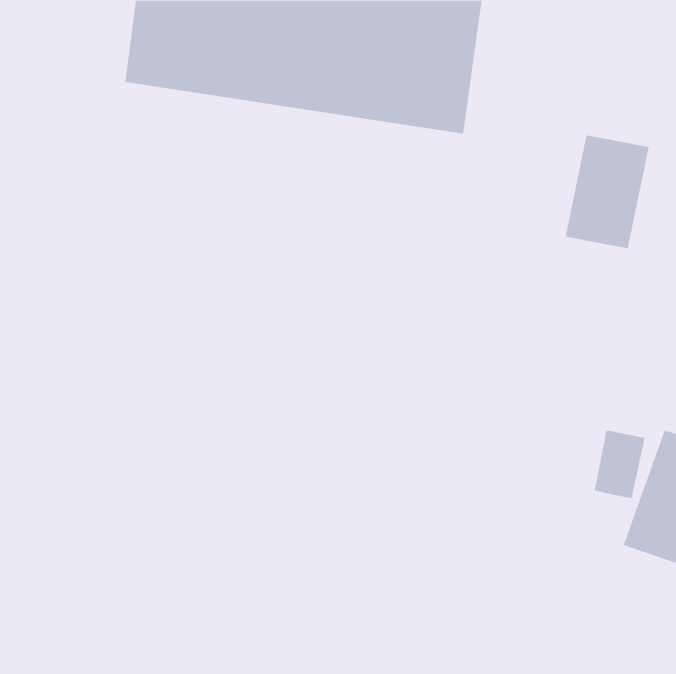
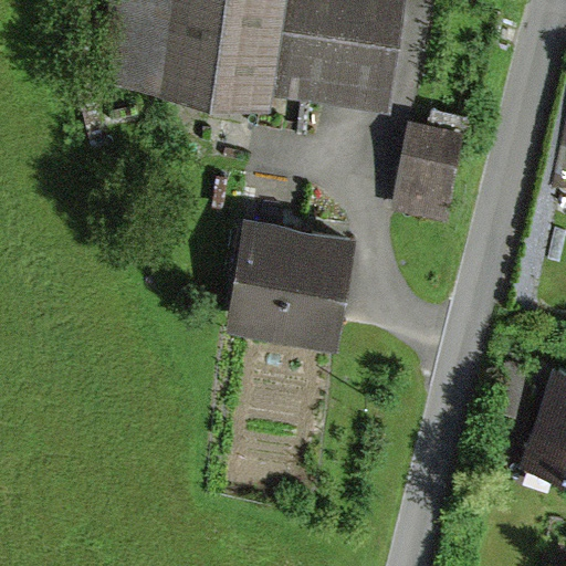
building: [565,135,650,249] -> [391,120,462,216]
building: none -> [229,219,354,343]

